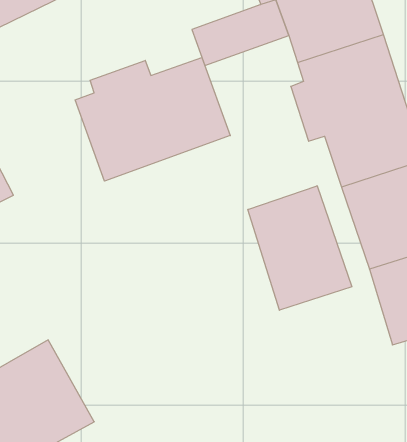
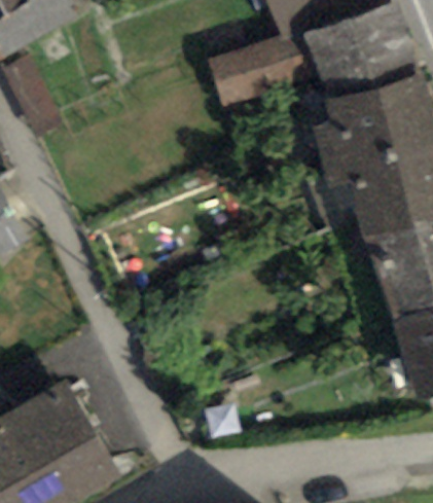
building: [75,57,230,181] -> none
building: [248,186,352,310] -> none

